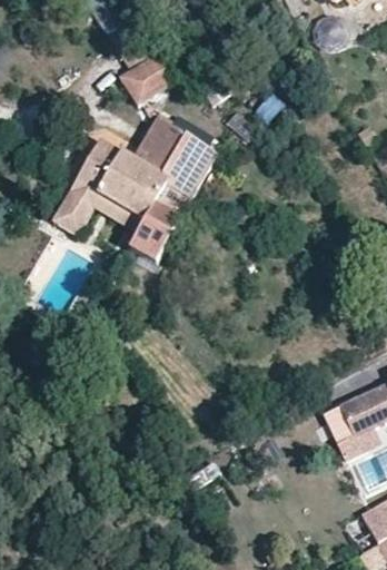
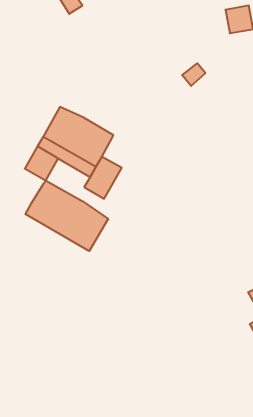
building: [116,58,171,110] -> none
building: [122,126,211,208] -> none
building: none -> [25,180,108,251]

